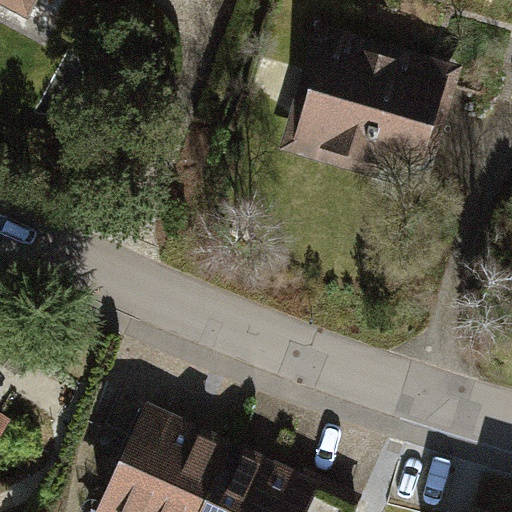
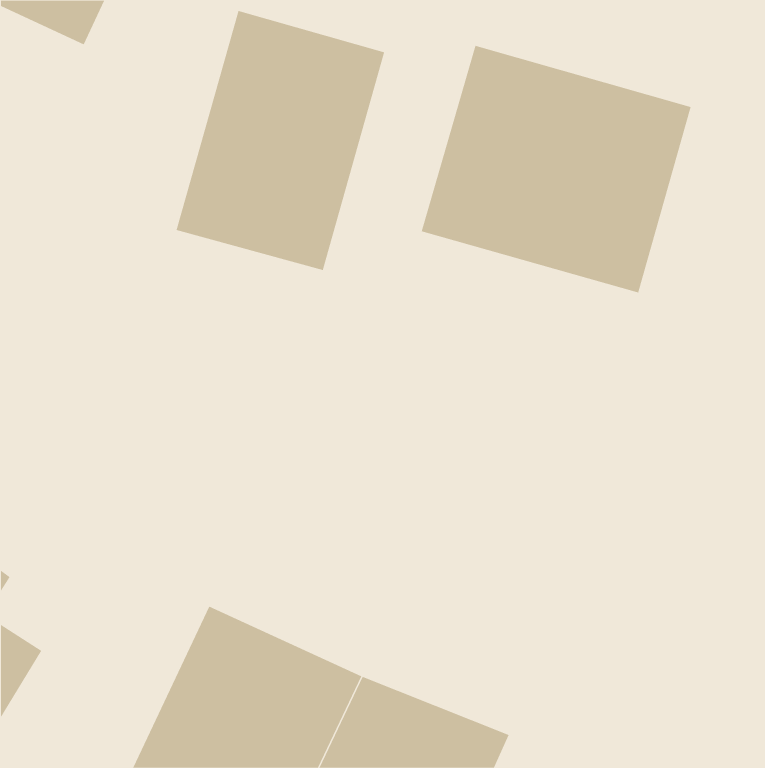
building: none -> [176,10,385,271]

